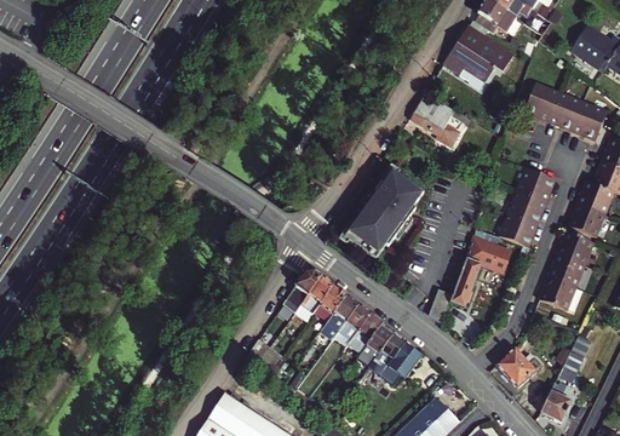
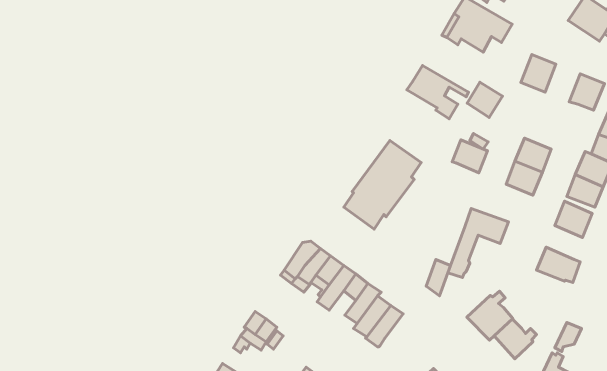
building: [547,93,582,131] -> none
building: none -> [467,82,503,118]
building: [500,213,535,246] -> [452,140,487,173]
building: [549,254,585,288] -> none
building: none -> [467,291,513,340]
building: [380,343,423,385] -> none

